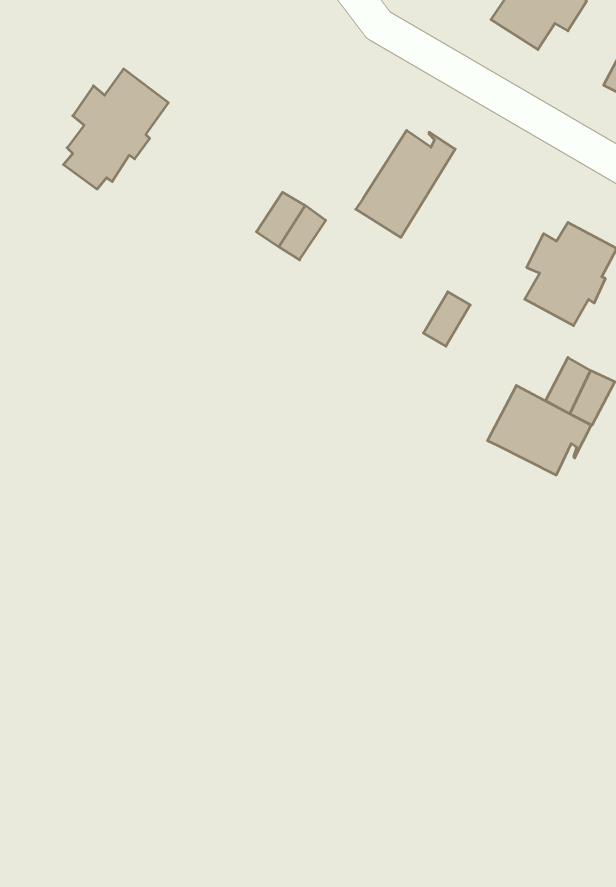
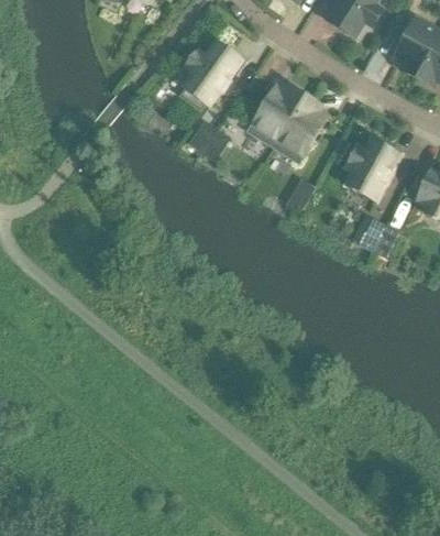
building: [63,69,168,189] -> [179,39,241,109]
building: none -> [273,95,327,162]
building: [488,385,591,475] -> none

